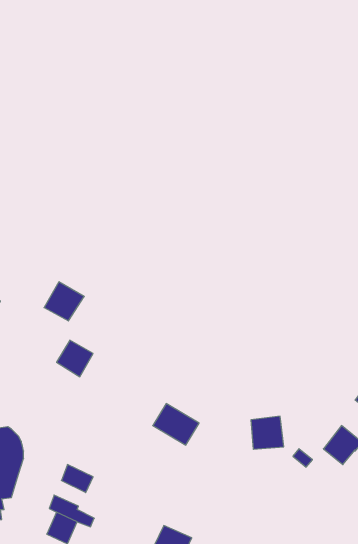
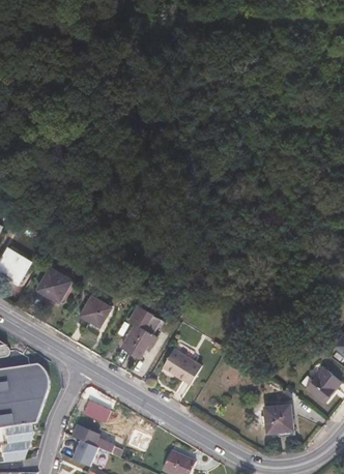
building: [44,282,84,321] -> [37,266,71,299]
building: none -> [121,304,160,356]
building: [251,416,284,449] -> [265,405,293,433]

